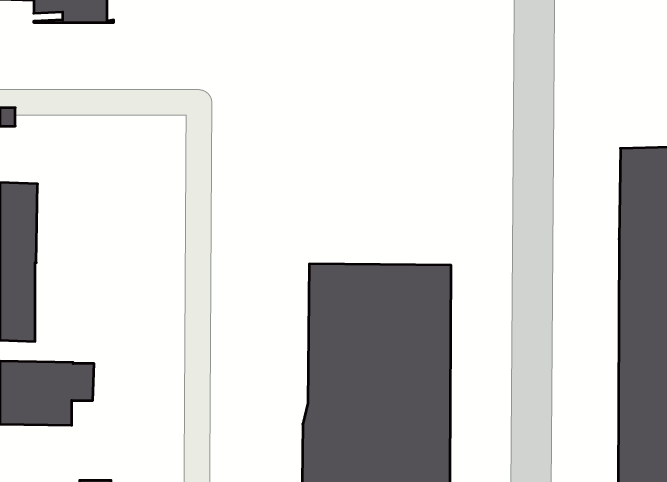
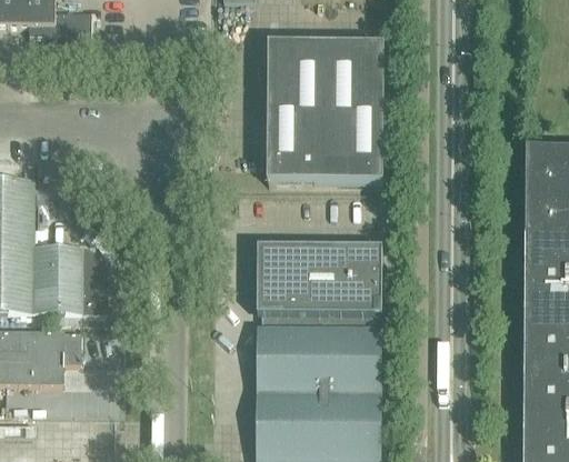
building: none -> [268,44,383,182]
building: none -> [30,244,106,311]

